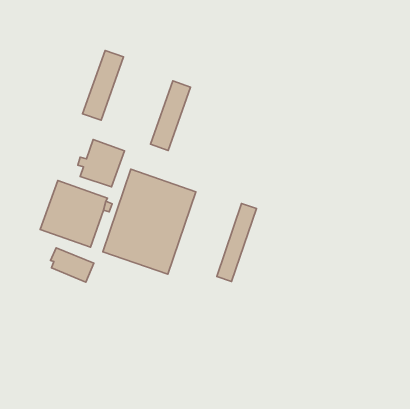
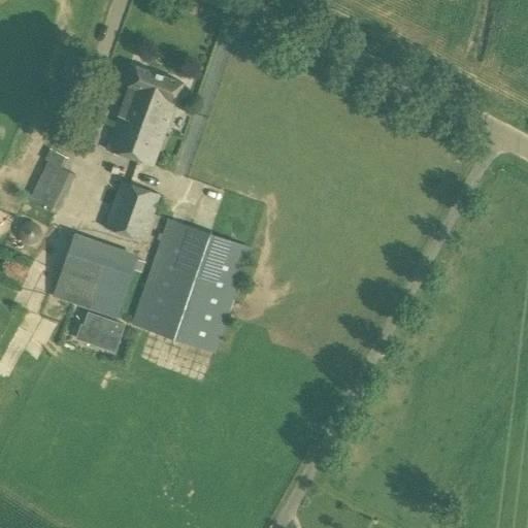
building: [151,81,191,151] -> [130,73,182,163]
building: none -> [29,147,74,212]
building: [217,203,256,282] -> none

